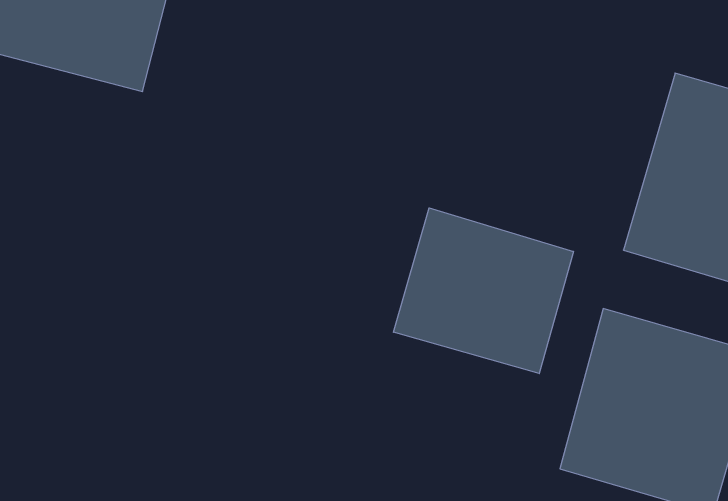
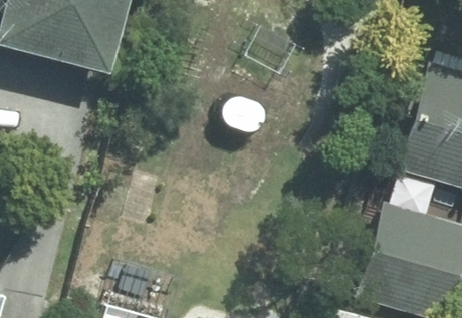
building: [393,208,573,374] -> none

